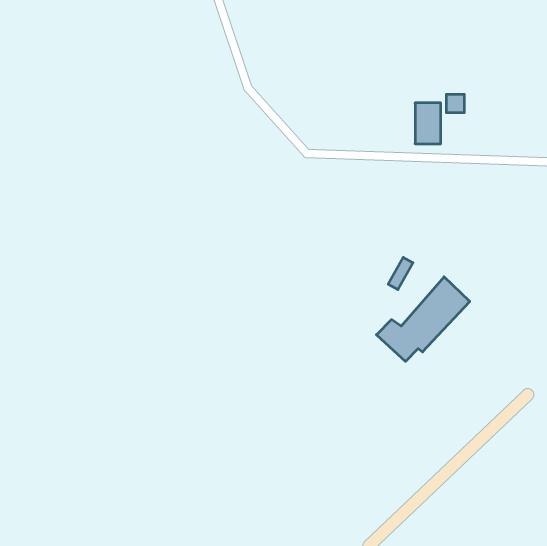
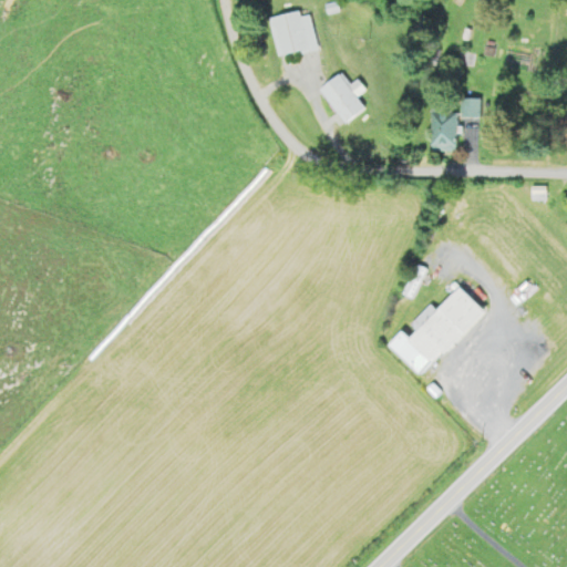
building: none -> [269,11,316,55]
building: none -> [317,72,364,123]

